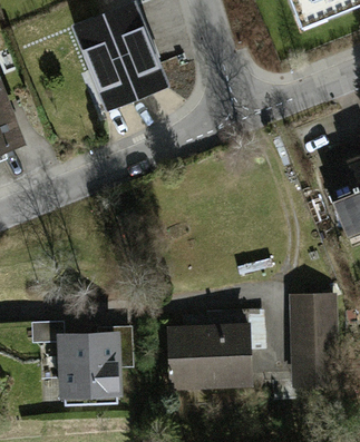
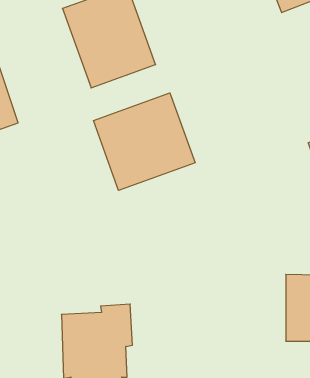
building: none -> [93,93,195,190]
building: [166,305,257,391] -> none

